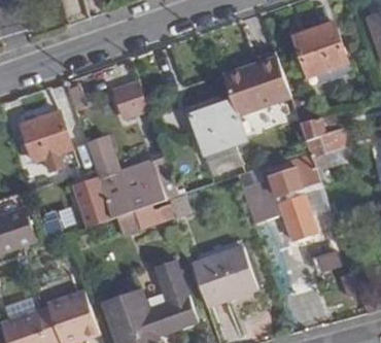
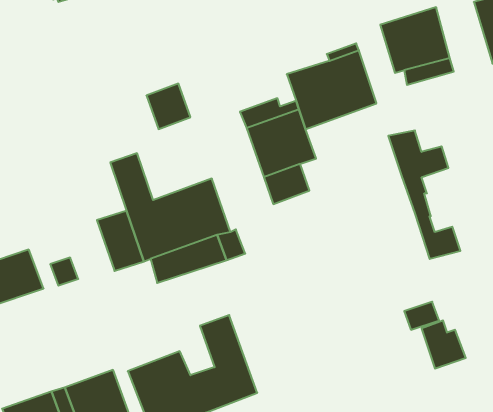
building: [21,110,71,161] -> none
building: [241,152,320,240] -> none
building: [192,245,257,306] -> none

